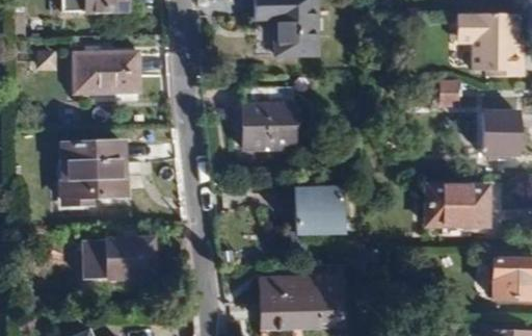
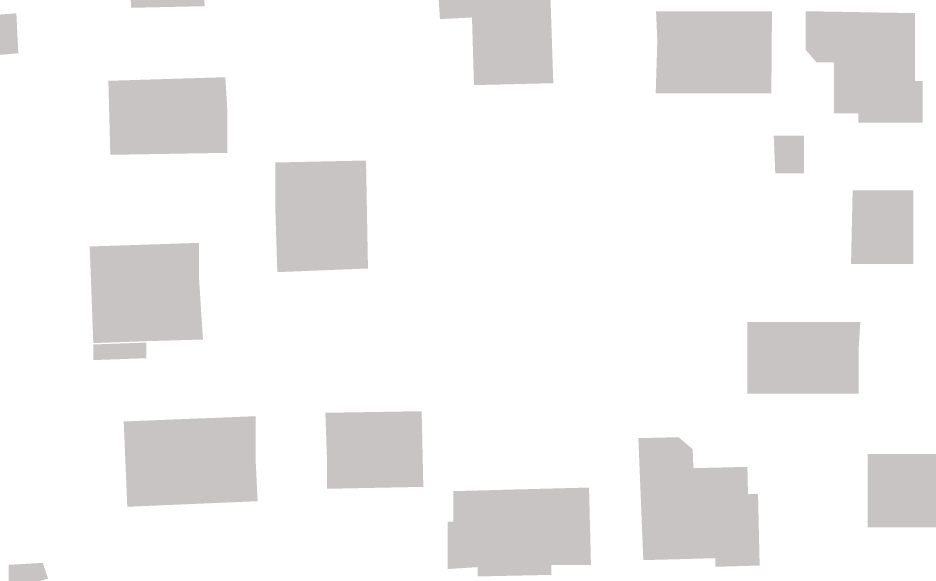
building: none -> [655,11,773,94]
building: [242,85,294,148] -> [275,160,369,273]
building: [287,186,342,230] -> [324,410,424,489]
building: none -> [637,437,761,567]

